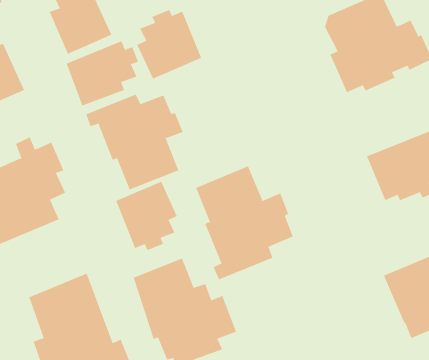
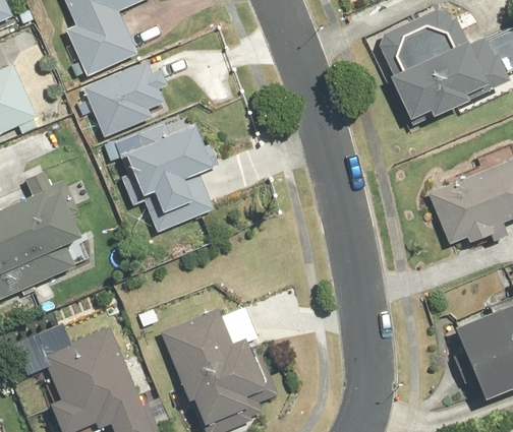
building: [137,9,202,80] -> none
building: [195,166,293,280] -> none
building: [115,181,178,251] -> none

